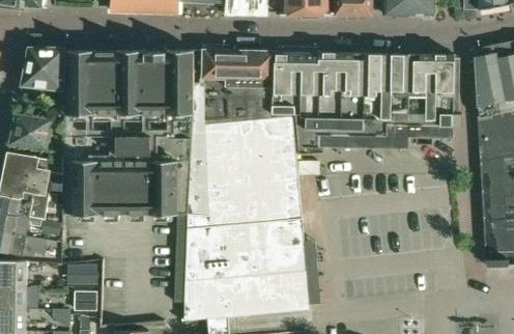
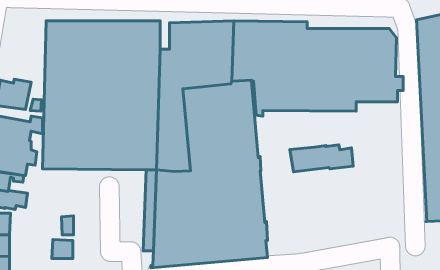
building: [22,47,64,102] -> none
building: none -> [290,145,353,172]

